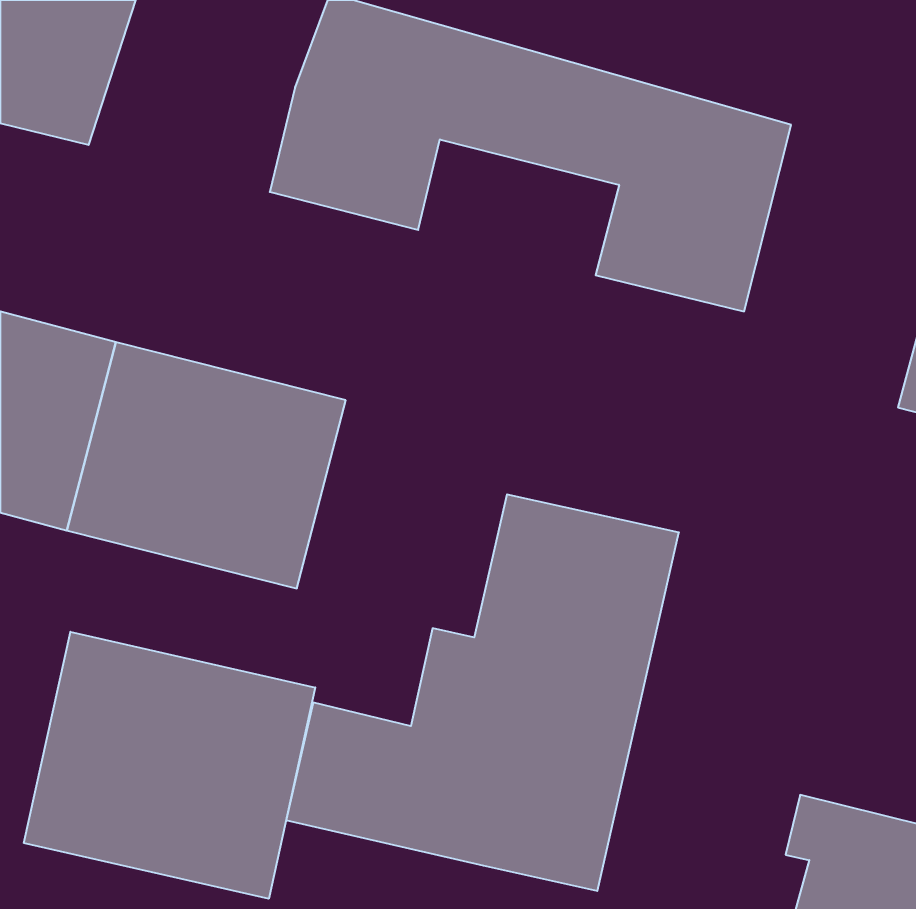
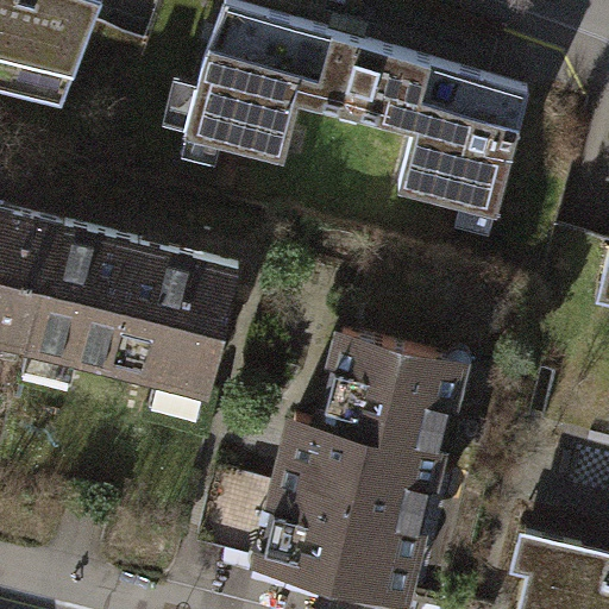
building: [24,632,315,899] -> none

